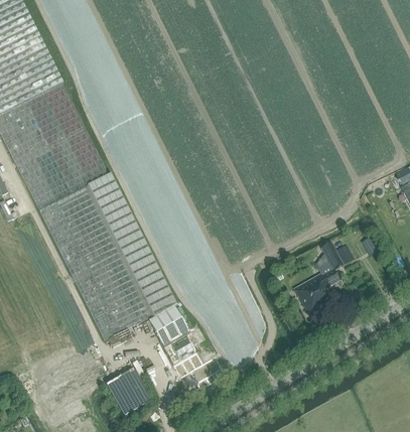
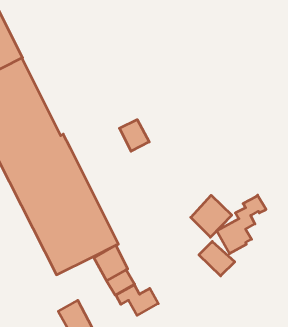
building: none -> [119,120,149,151]
building: none -> [191,195,232,237]
building: none -> [199,241,235,276]

